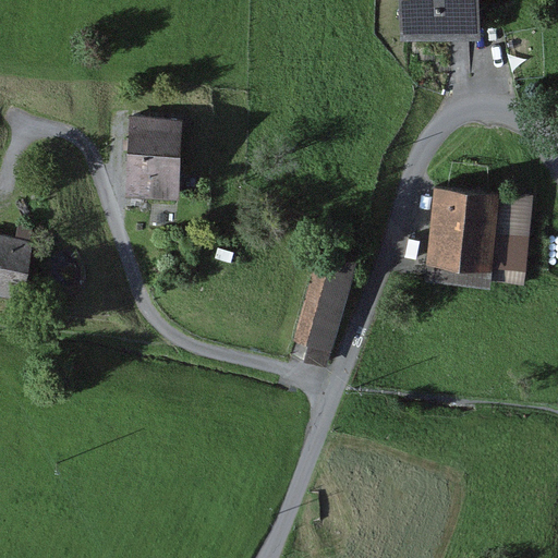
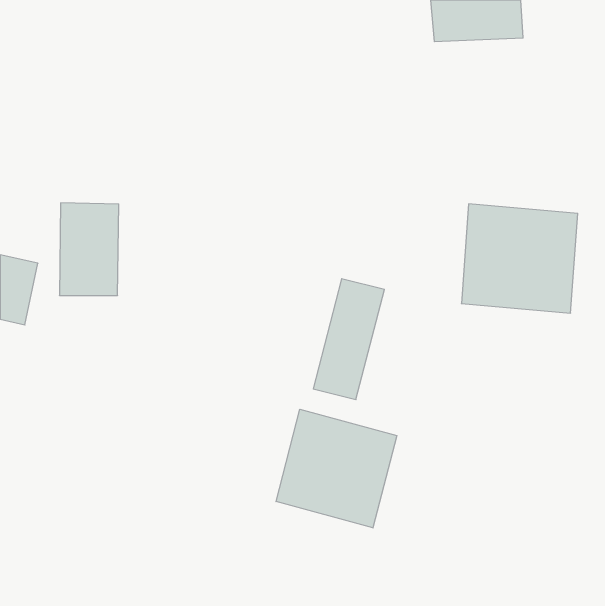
building: [125,114,180,199] -> [59,203,119,295]
building: none -> [276,409,397,528]

